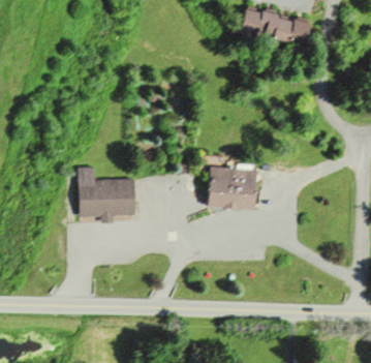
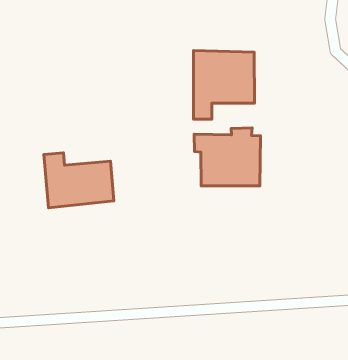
building: none -> [193,51,254,119]

